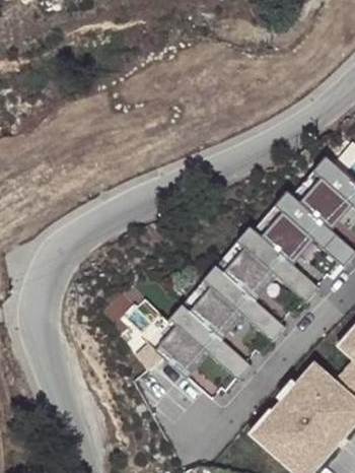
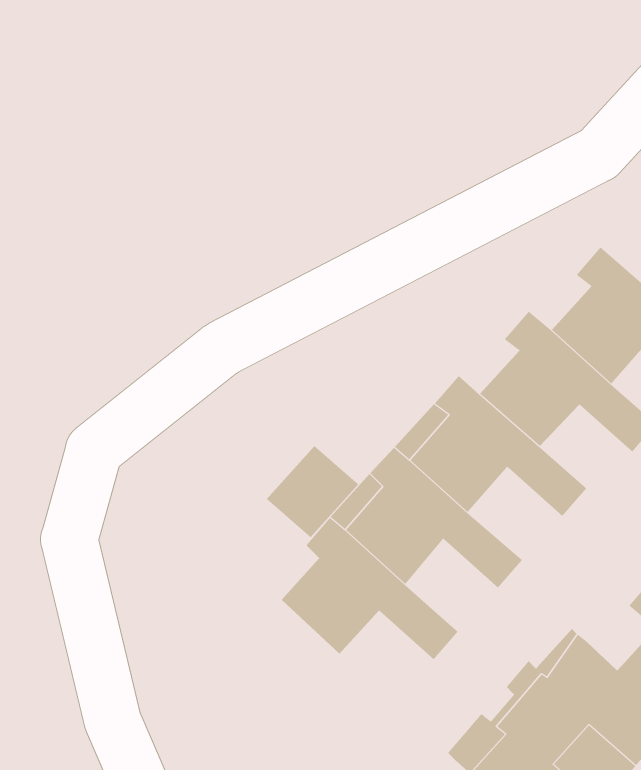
building: none -> [266,445,359,538]

